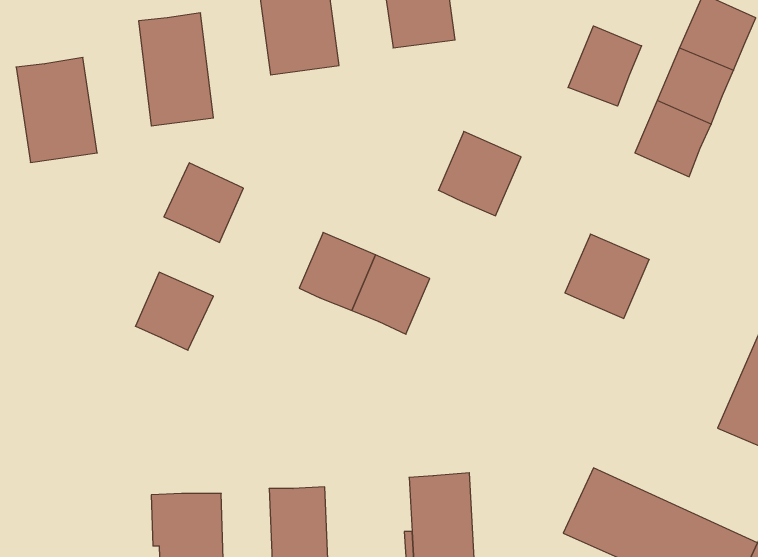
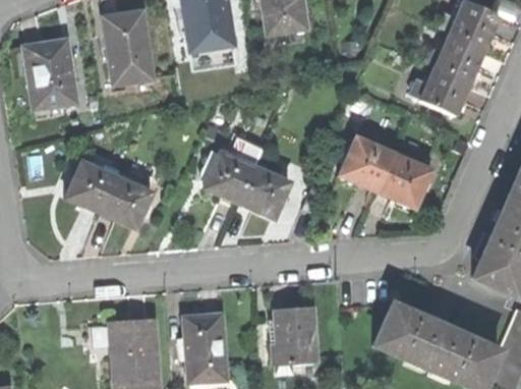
building: [568,26,642,106] -> none
building: [438,131,521,216] -> [339,136,392,190]
building: [164,163,243,242] -> [65,161,116,212]

